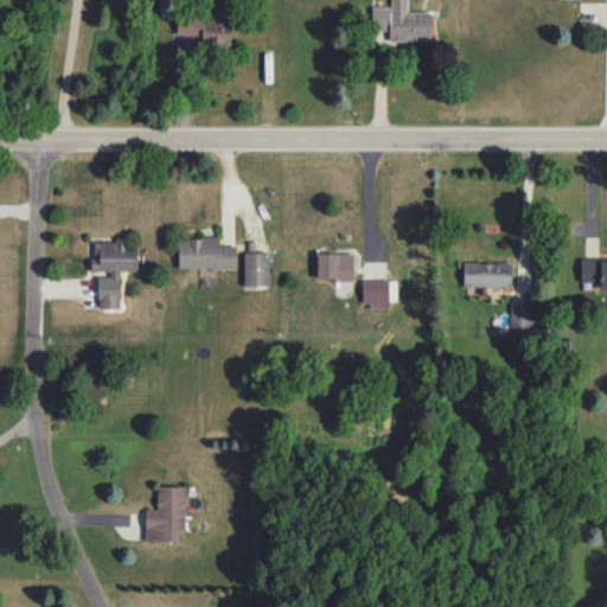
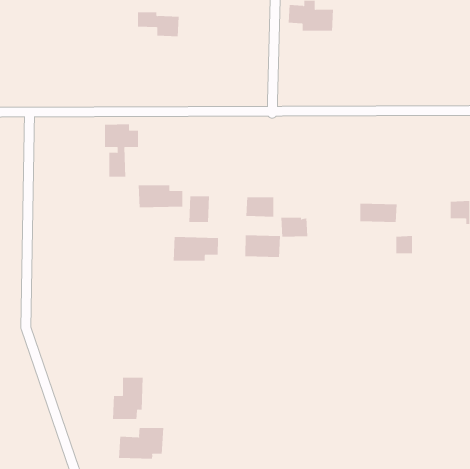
building: [92,241,138,309] -> [104,124,139,177]
building: none -> [245,234,281,258]
building: none -> [173,236,218,262]
building: none -> [119,427,164,459]

